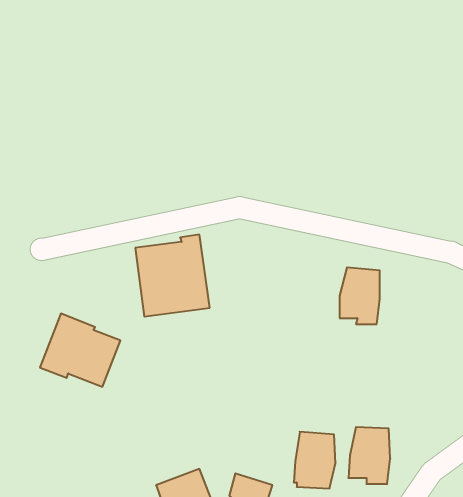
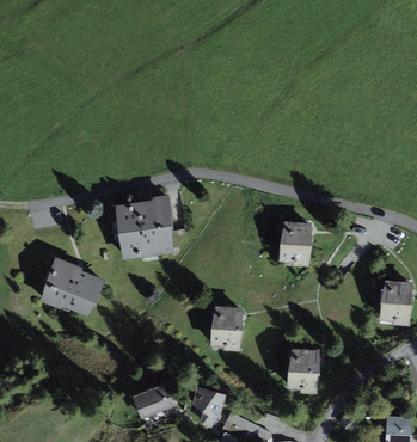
building: [294,432,336,488] -> [209,306,243,351]

